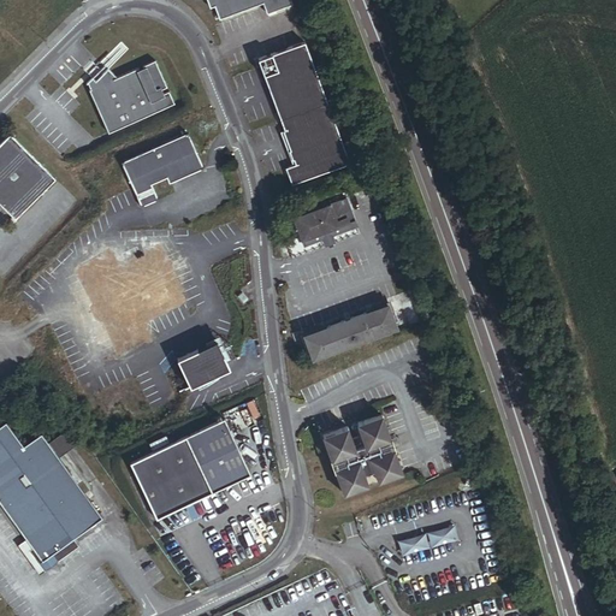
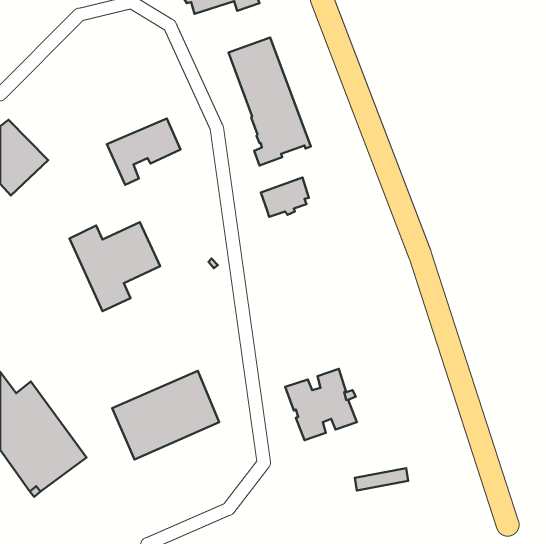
building: [87,61,174,135] -> none
building: [303,303,397,359] -> none
building: [174,342,227,389] -> none

